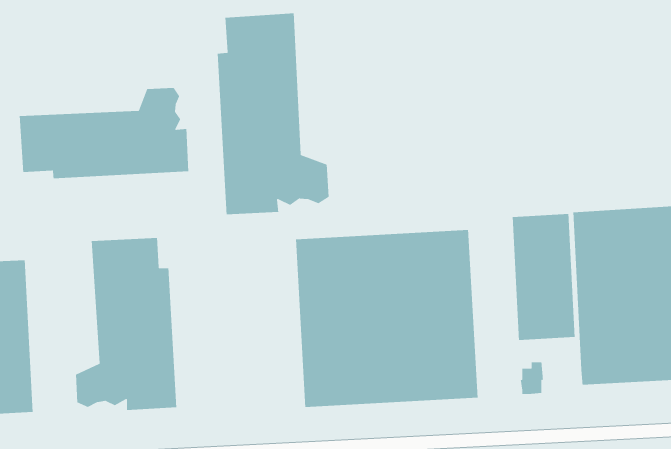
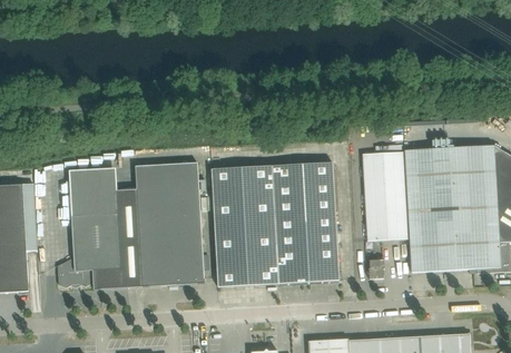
building: [217,13,329,215] -> none
building: [19,87,189,179] -> none
building: none -> [122,161,204,287]

